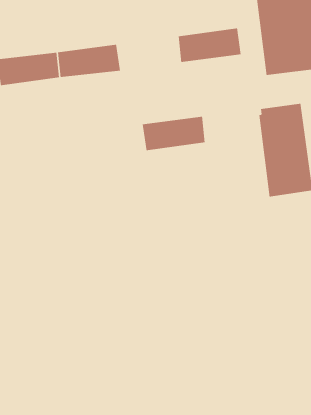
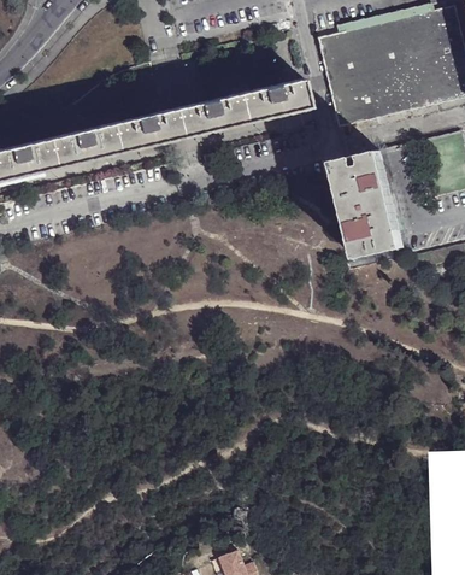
building: [142,116,206,151] -> [167,94,240,139]

